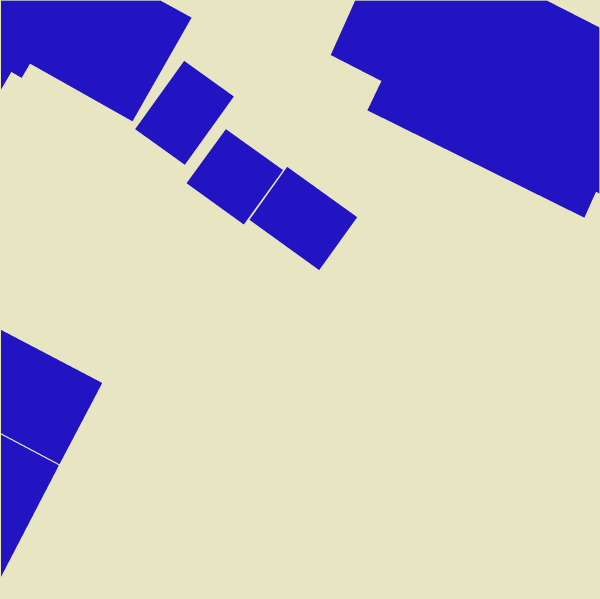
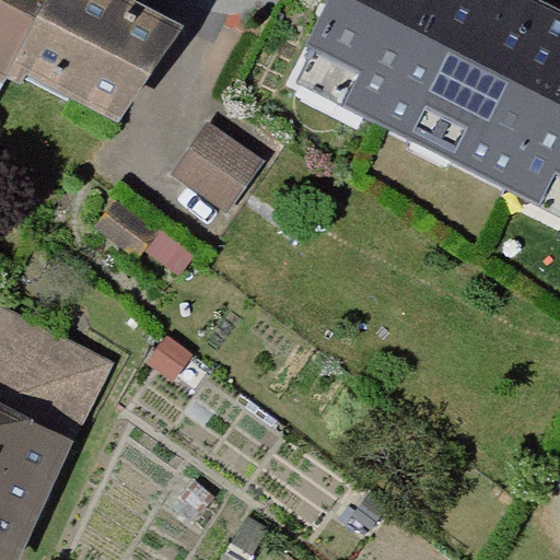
building: [134,60,235,166] -> none
building: [248,166,358,271] -> none

